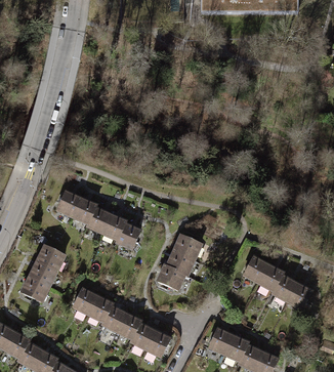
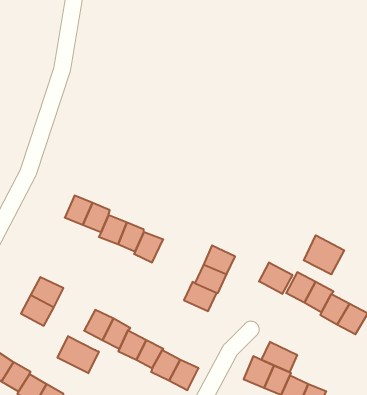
building: none -> [304,235,344,274]
building: [37,244,65,270] -> none
building: none -> [259,262,292,294]
building: none -> [58,336,99,373]
building: none -> [261,342,297,372]

